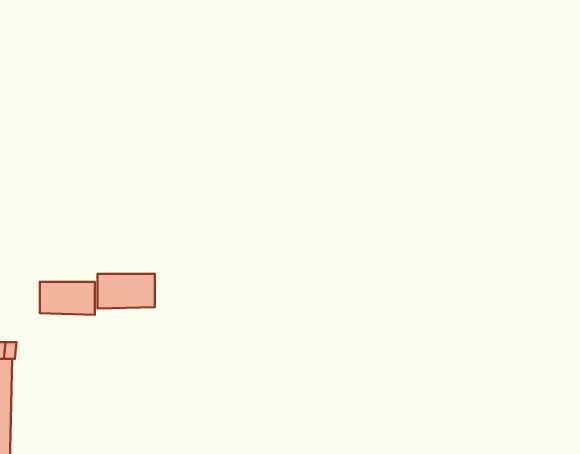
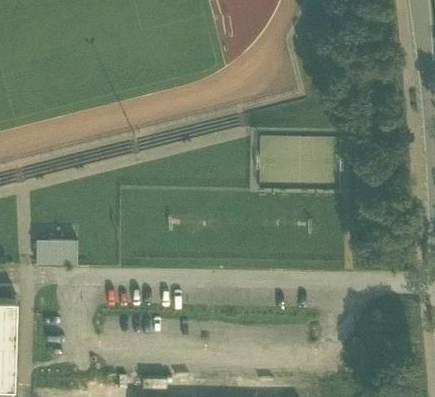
building: [98,274,155,309] -> none

